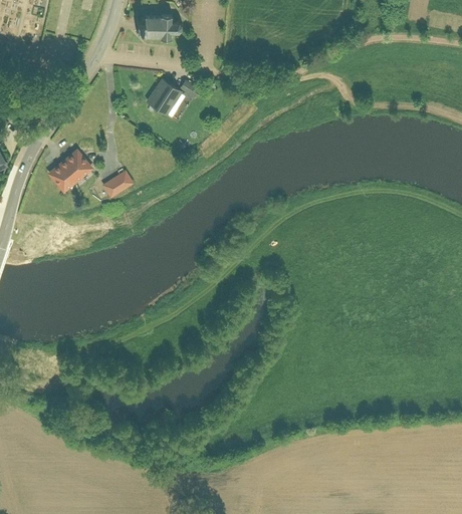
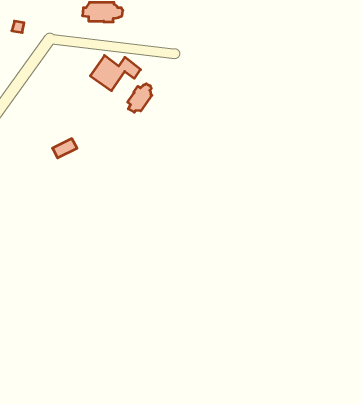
building: none -> [128,84,152,112]
building: [48,150,92,193] -> none

